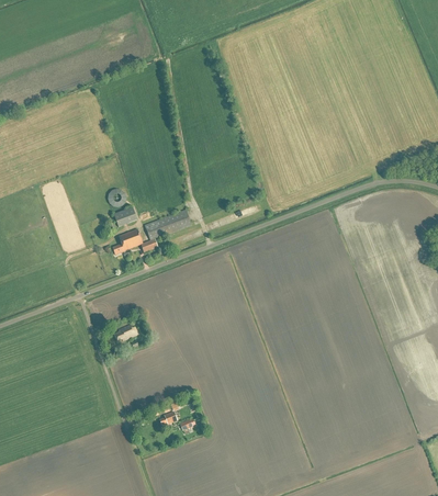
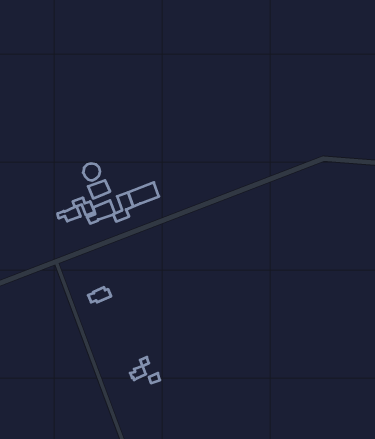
building: none -> [58,198,94,221]

